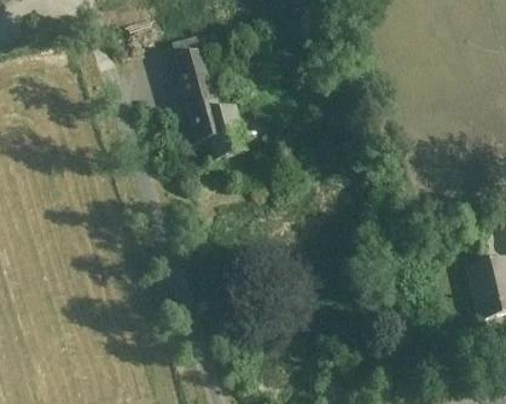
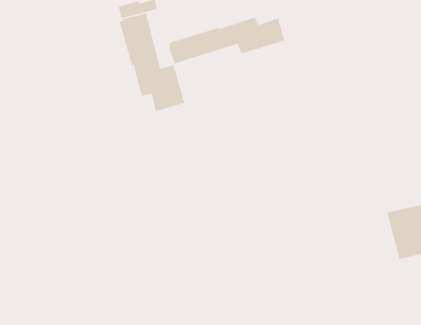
building: none -> [167,17,285,65]

